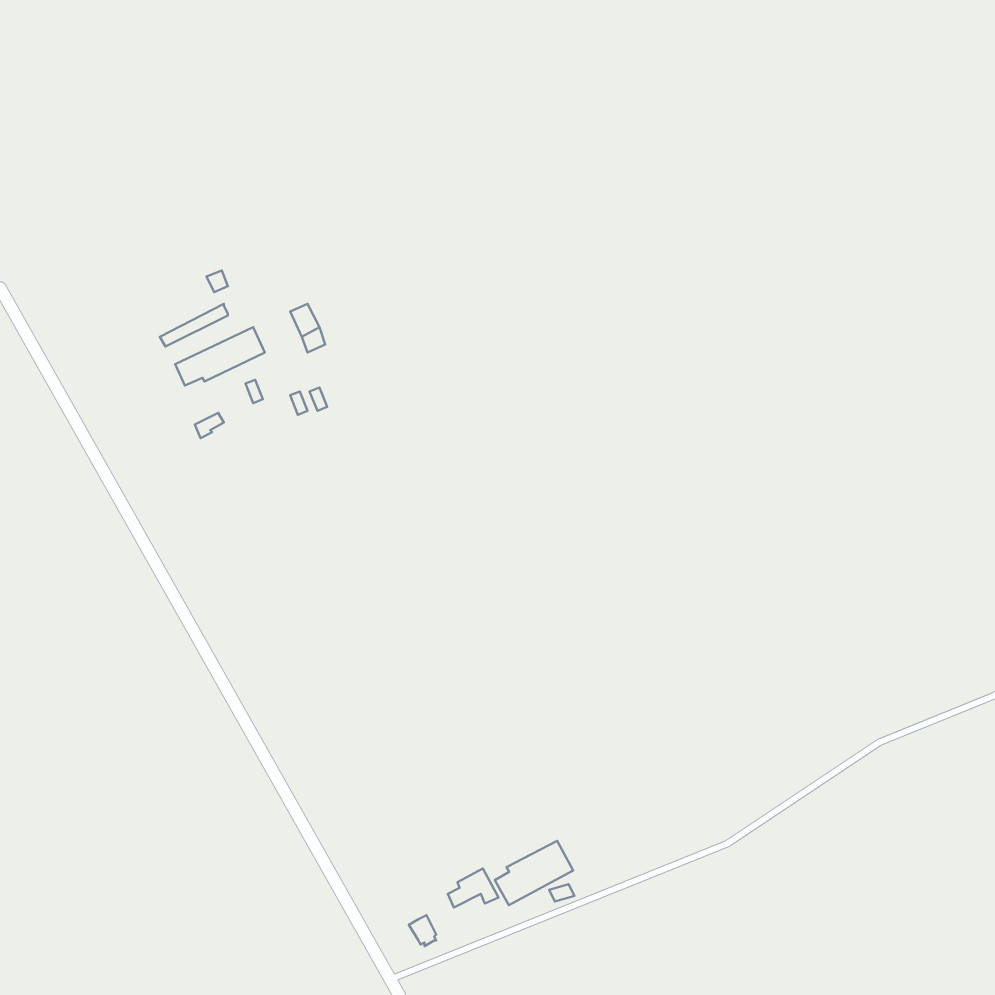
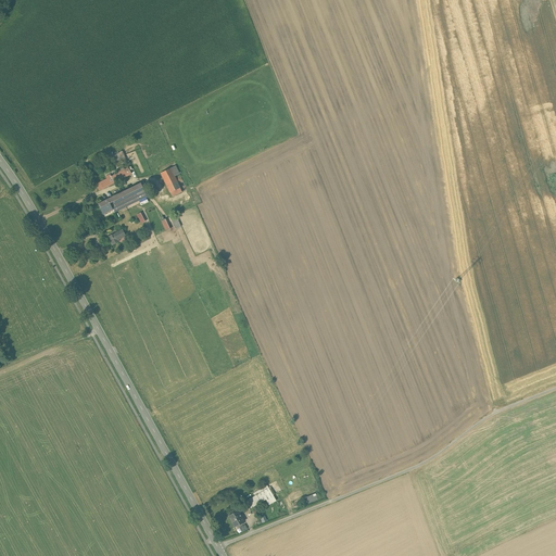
building: [495,841,573,905] -> none

